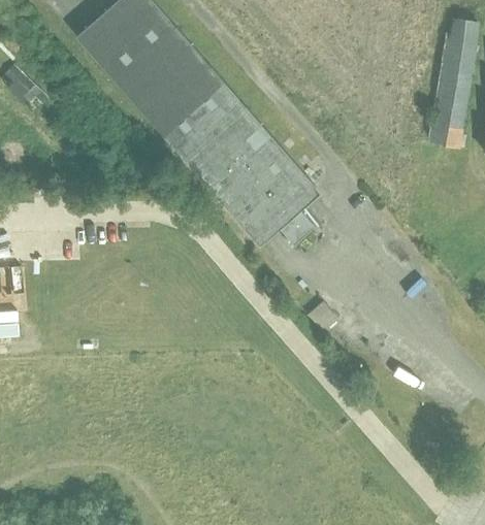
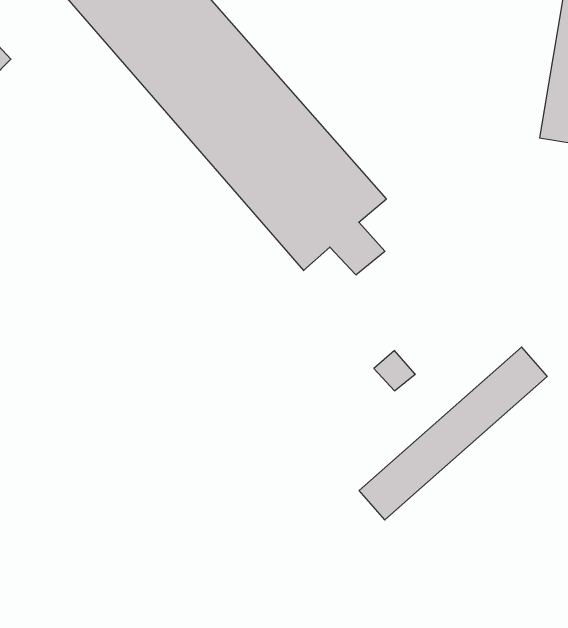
building: none -> [359,347,547,520]

